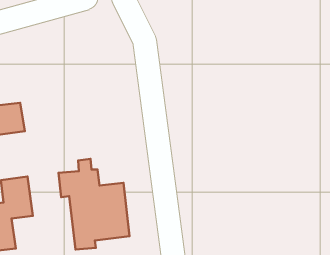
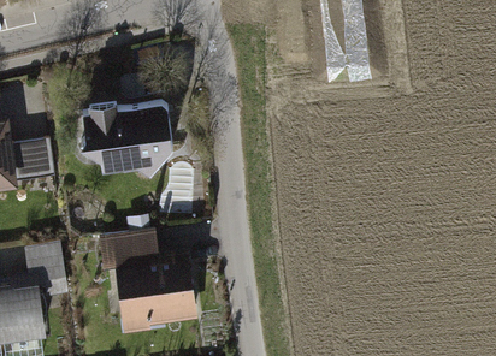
building: none -> [82,103,172,182]

